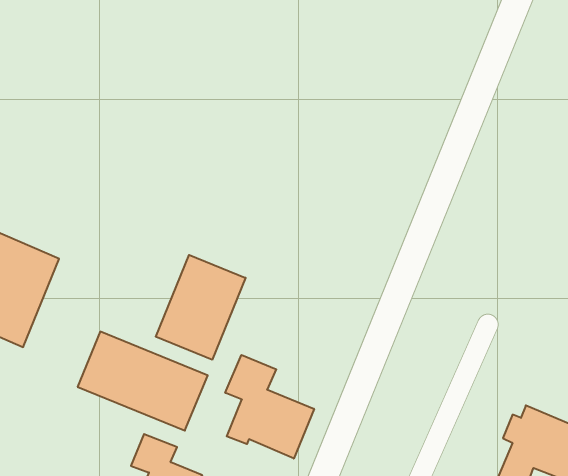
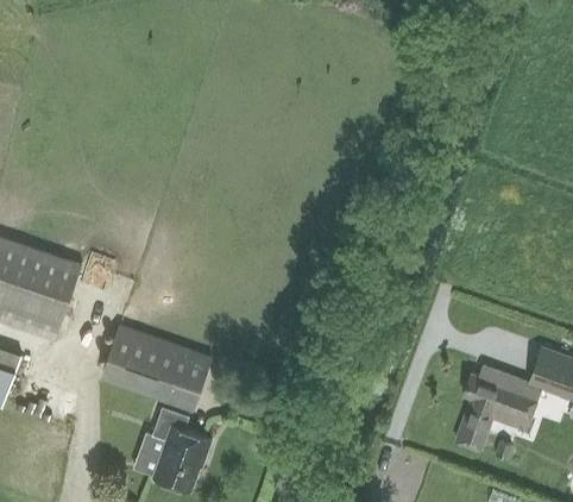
building: [156,255,246,360] -> none
building: [225,355,314,459] -> none

